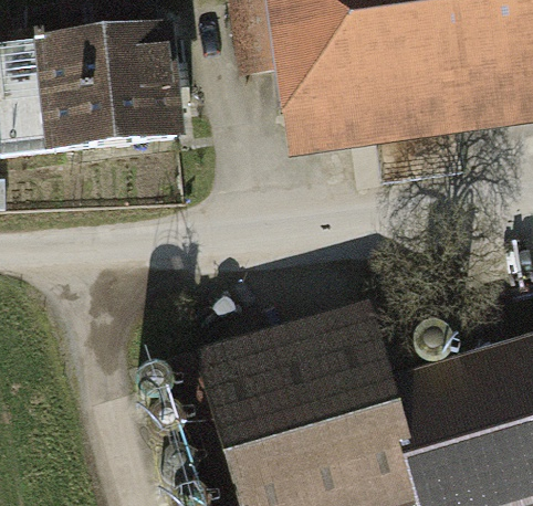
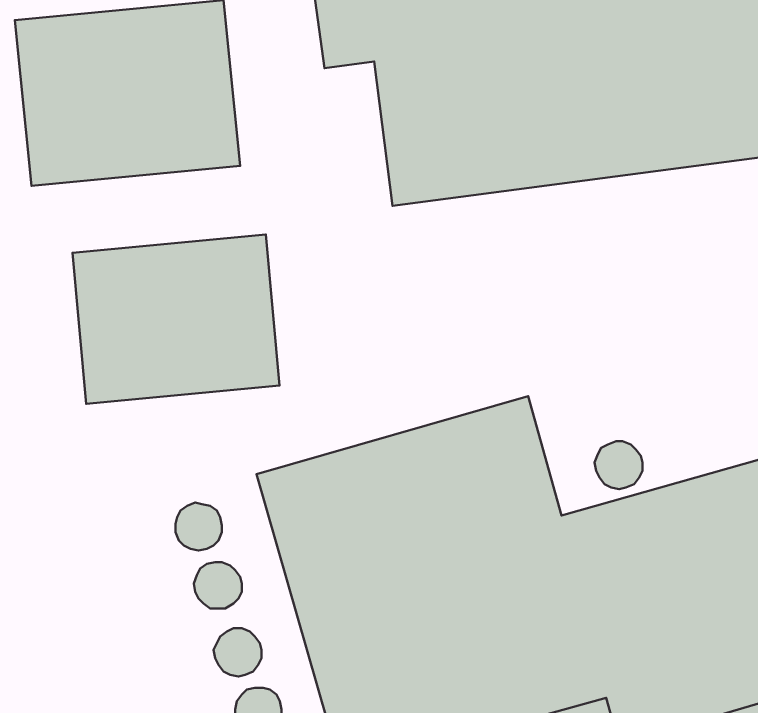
building: none -> [72,234,280,404]

